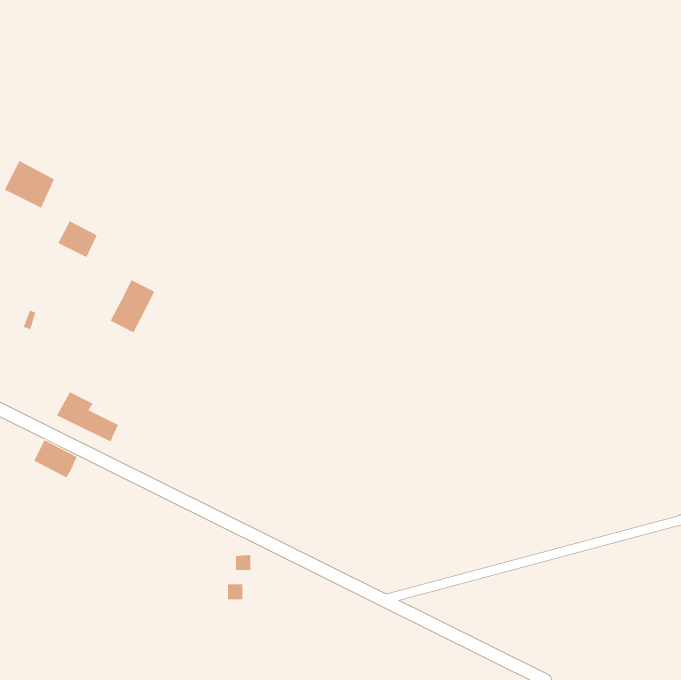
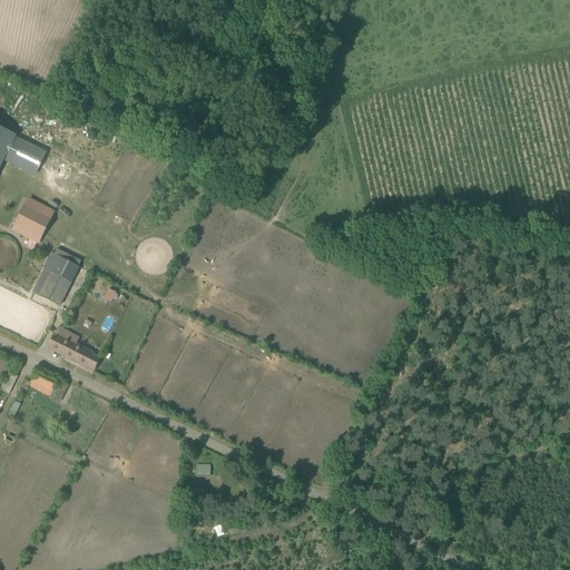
building: [57,220,97,258] -> [14,205,48,236]
building: [110,280,155,333] -> [38,259,76,304]

